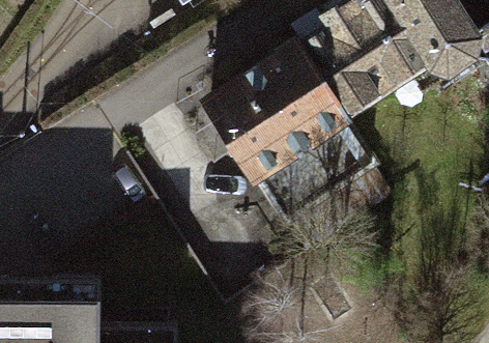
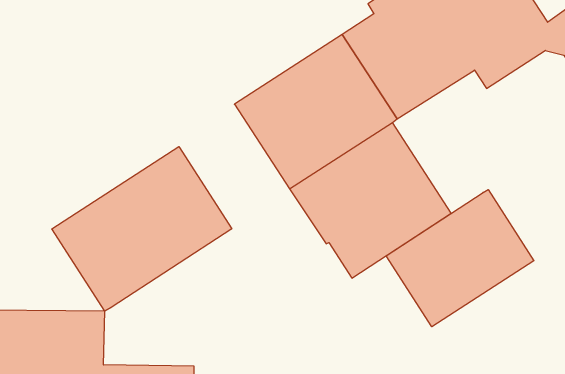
building: none -> [52,147,232,311]
building: none -> [386,190,534,327]

